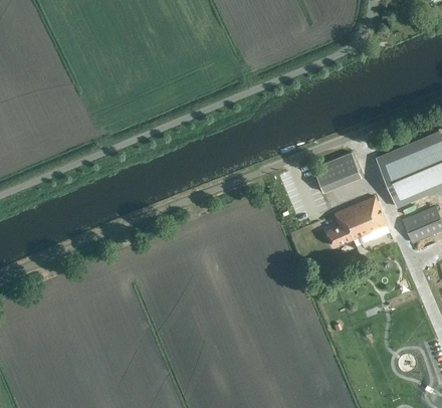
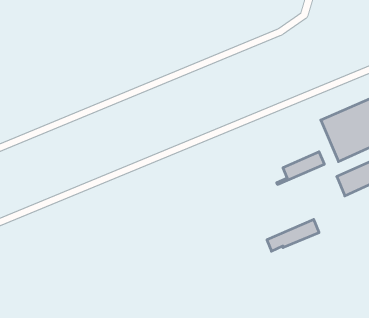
building: [313,152,361,191] -> none
building: [327,209,387,245] -> [267,219,319,251]

